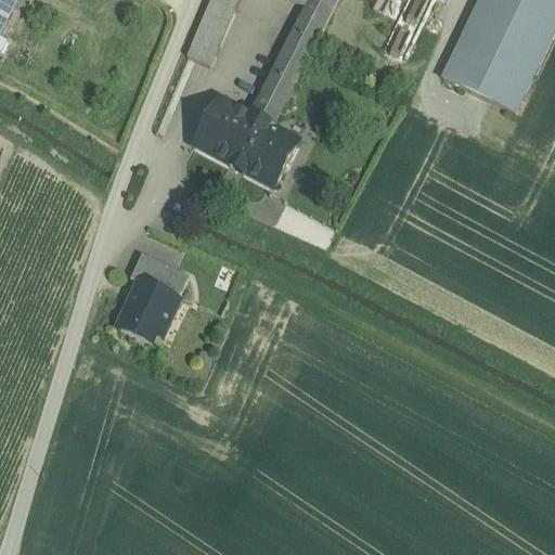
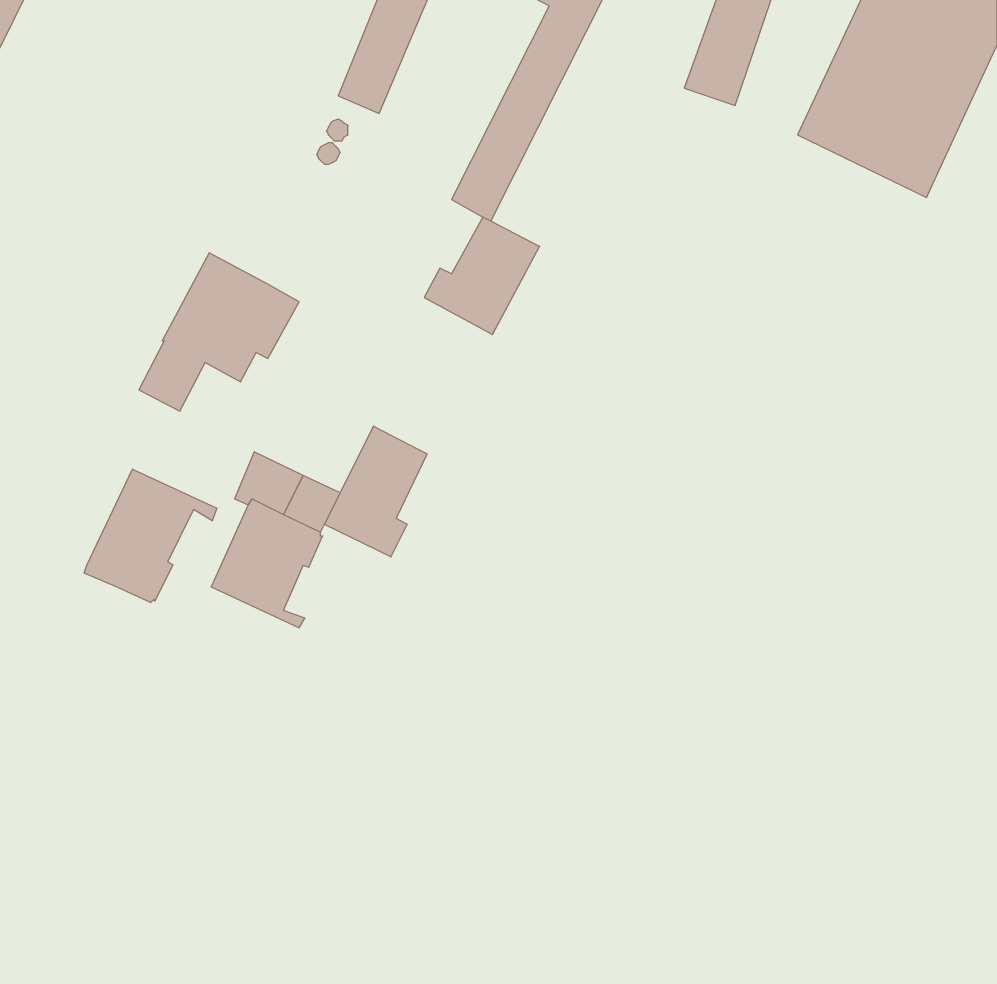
building: [179,93,268,181] -> [139,253,299,411]
building: none -> [324,426,427,557]
building: none -> [84,469,217,603]

